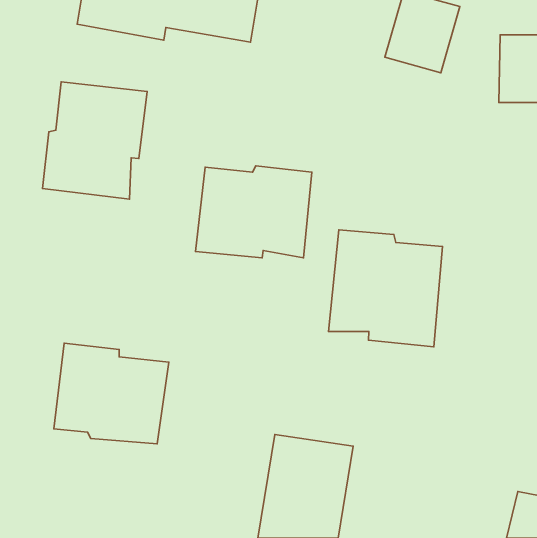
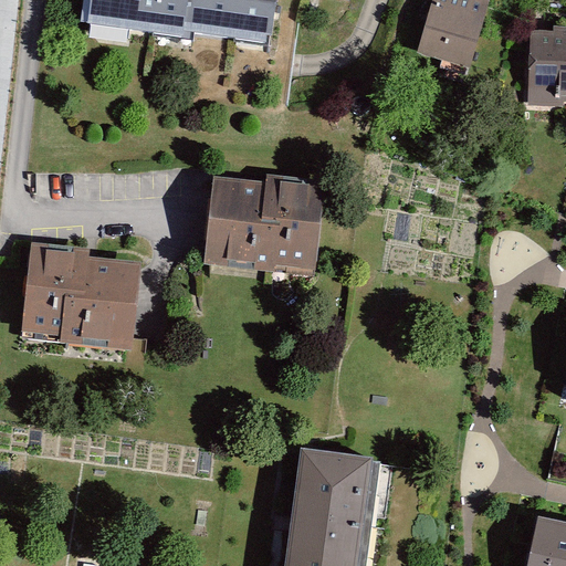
building: [43,82,147,199] -> none
building: [329,230,443,347] -> none
building: [54,343,169,444] -> [25,242,146,347]

